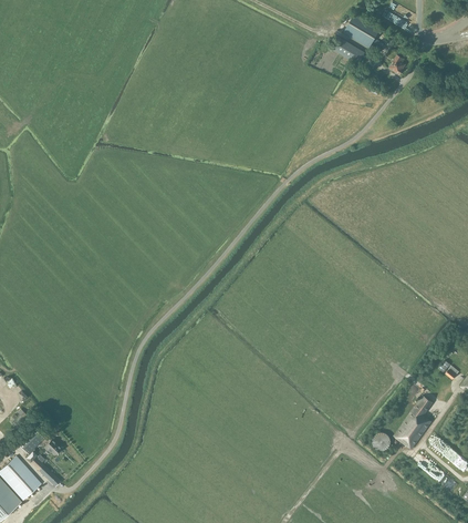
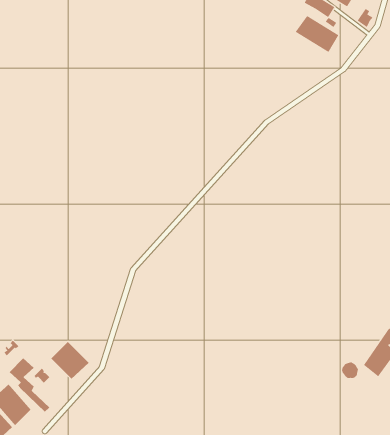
building: none -> [295,15,339,53]
building: none -> [50,341,90,379]

